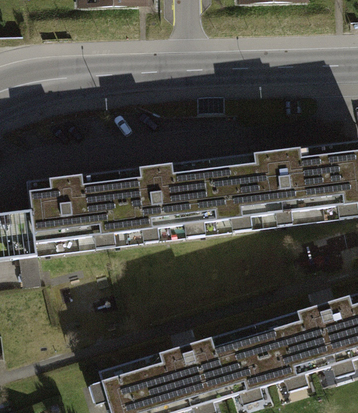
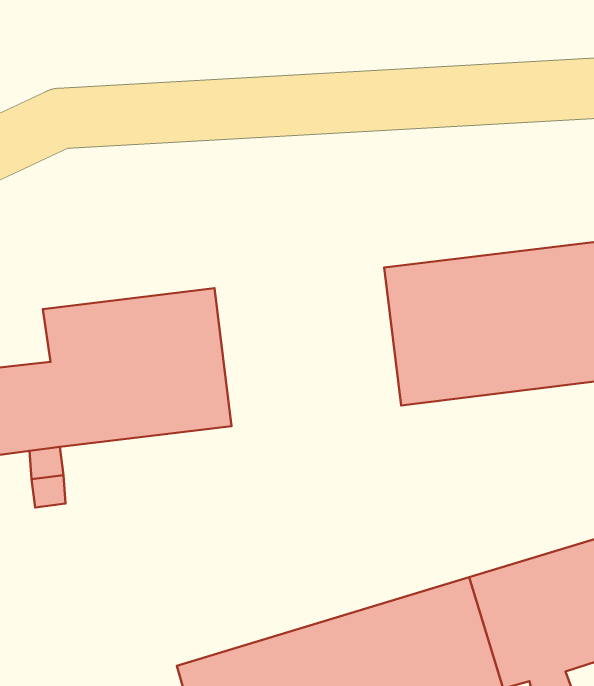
building: [120,160,219,244] -> none

